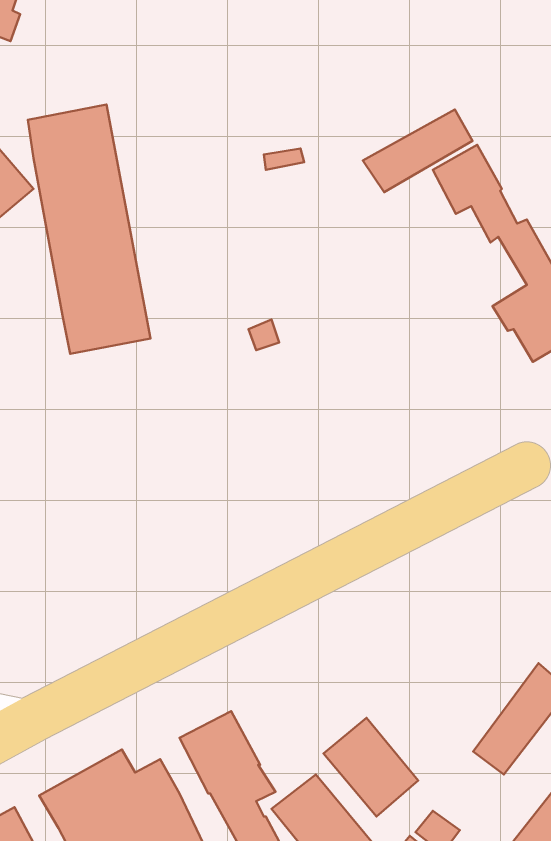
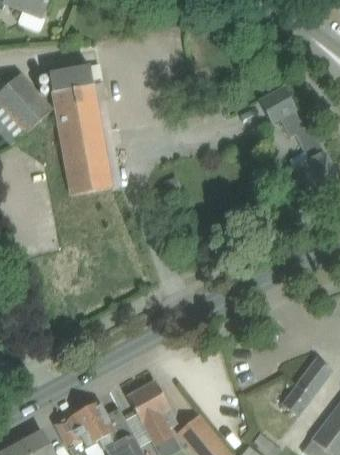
building: [363,110,472,192] -> none
building: [323,718,418,816] -> none

